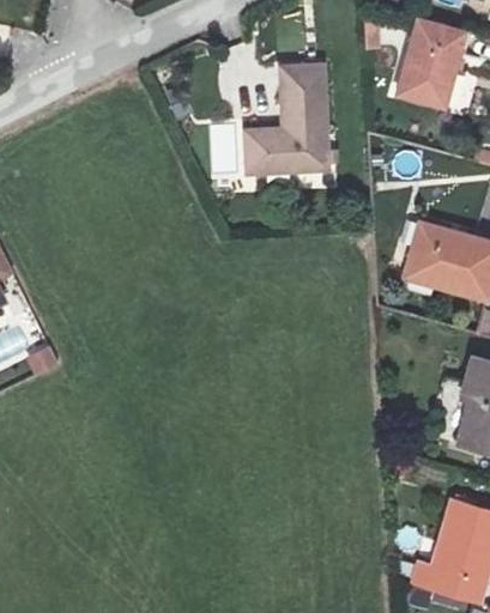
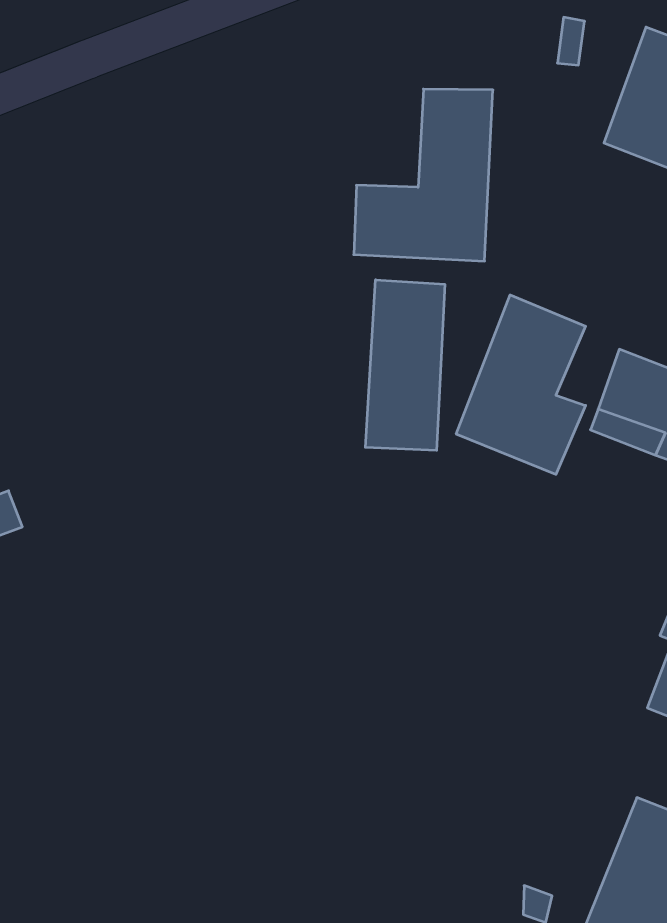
building: none -> [365,280,445,450]
building: none -> [456,295,586,474]

